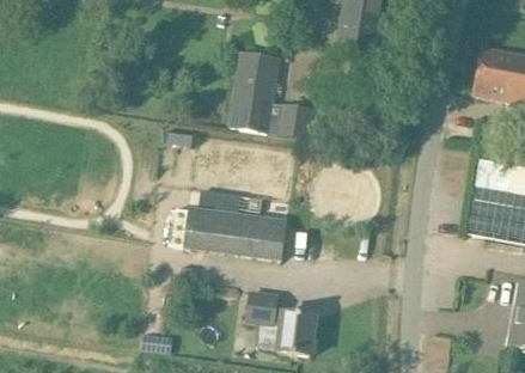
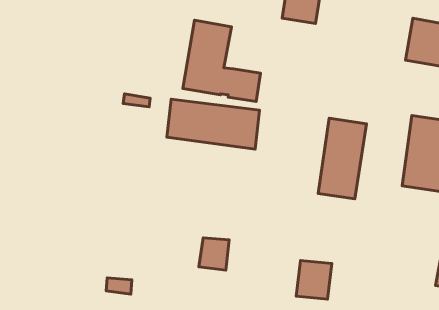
building: none -> [318,118,366,199]
building: [184,206,287,261] -> [167,99,260,149]
building: [276,312,316,355] -> [296,260,332,299]

